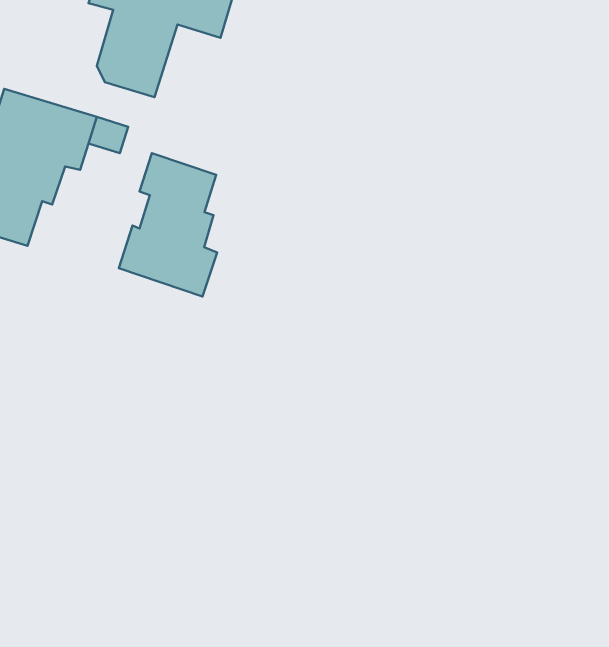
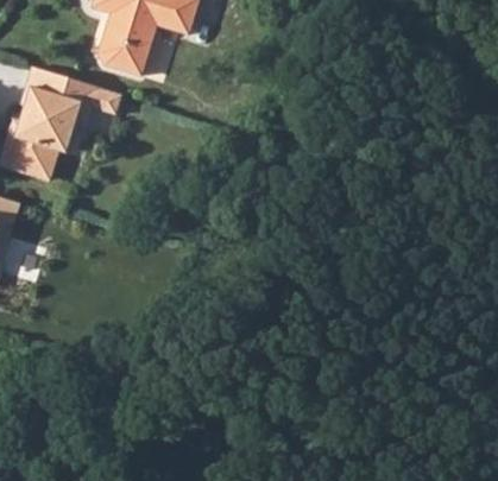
building: [119,153,217,296] -> none

